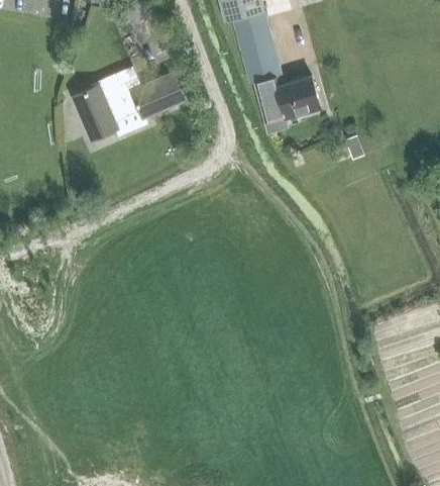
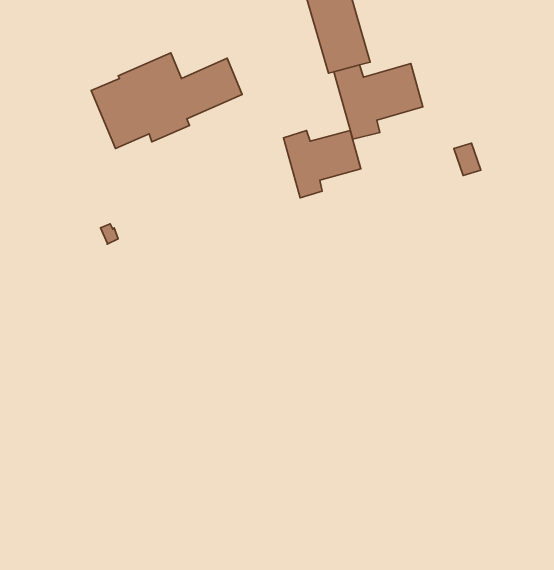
building: none -> [283,130,361,198]

